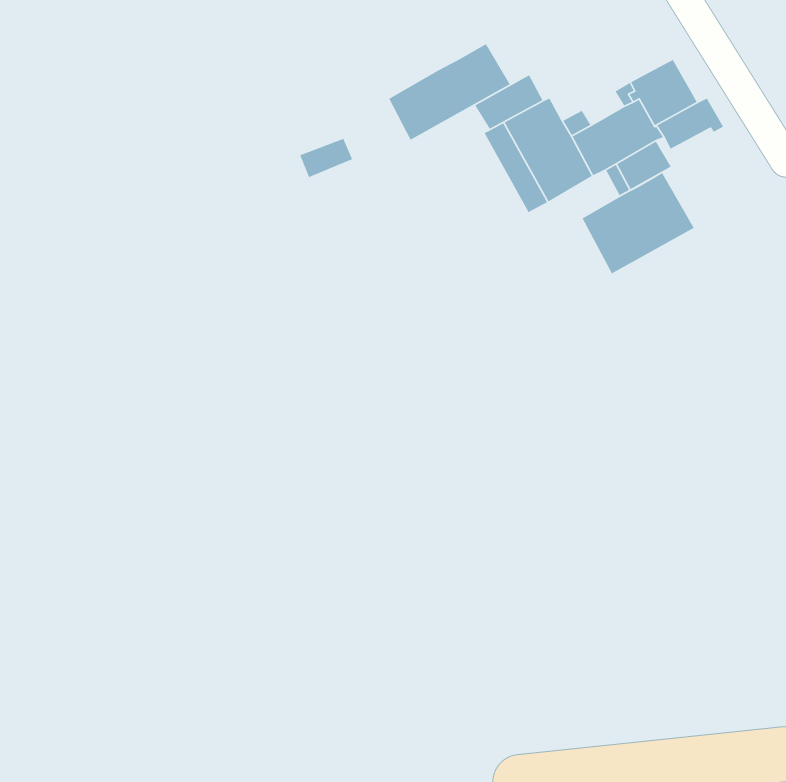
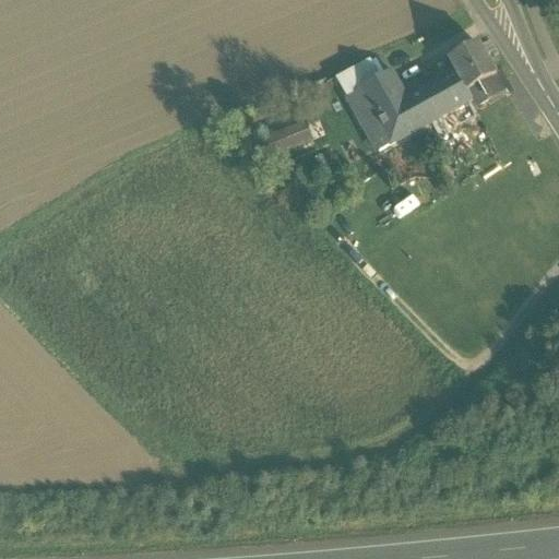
building: [388,43,511,141] -> none
building: [299,138,353,178] -> [271,120,309,148]
building: [581,172,695,275] -> none

